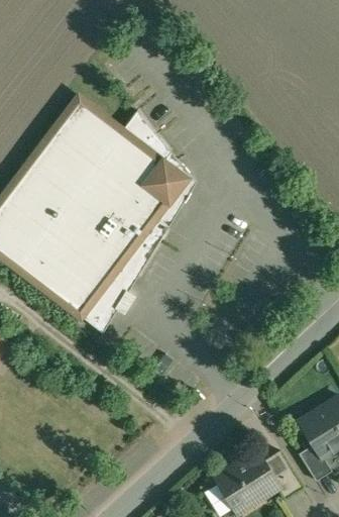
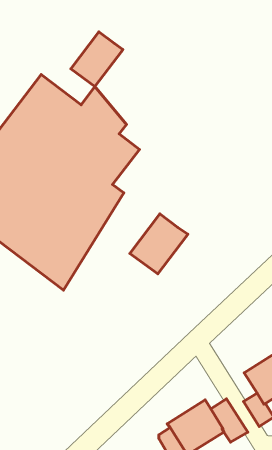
building: none -> [71,32,123,86]
building: none -> [130,214,188,274]

